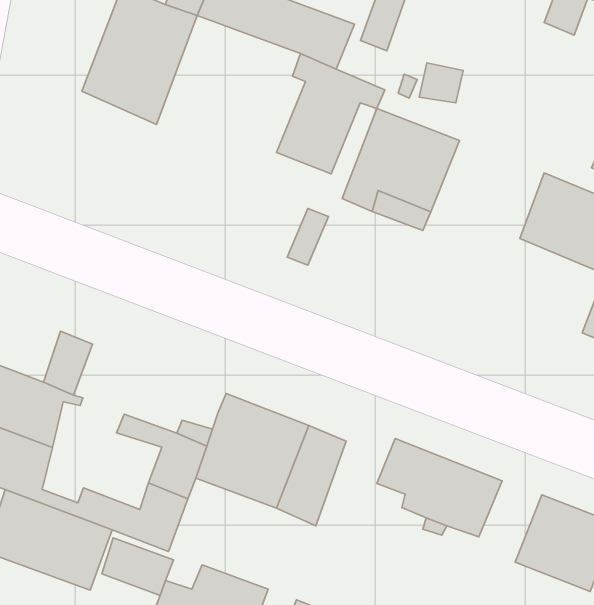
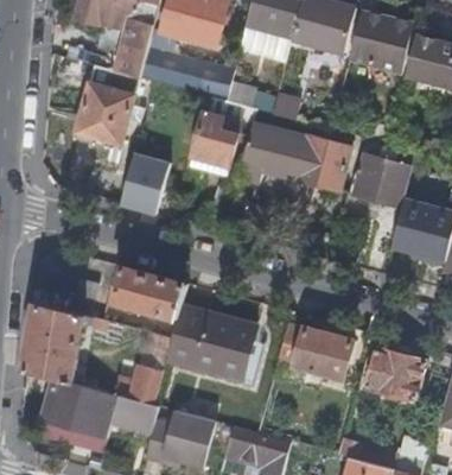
building: none -> [119,151,168,211]
building: none -> [288,137,357,205]
building: none -> [113,267,184,317]

